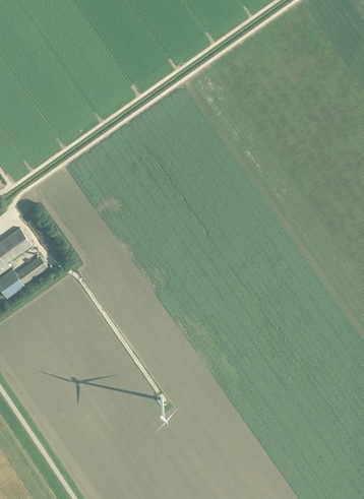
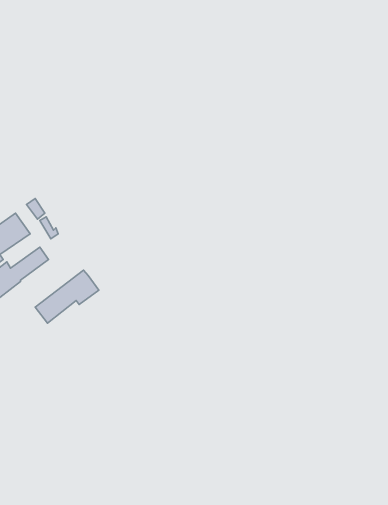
building: none -> [35,270,99,323]

